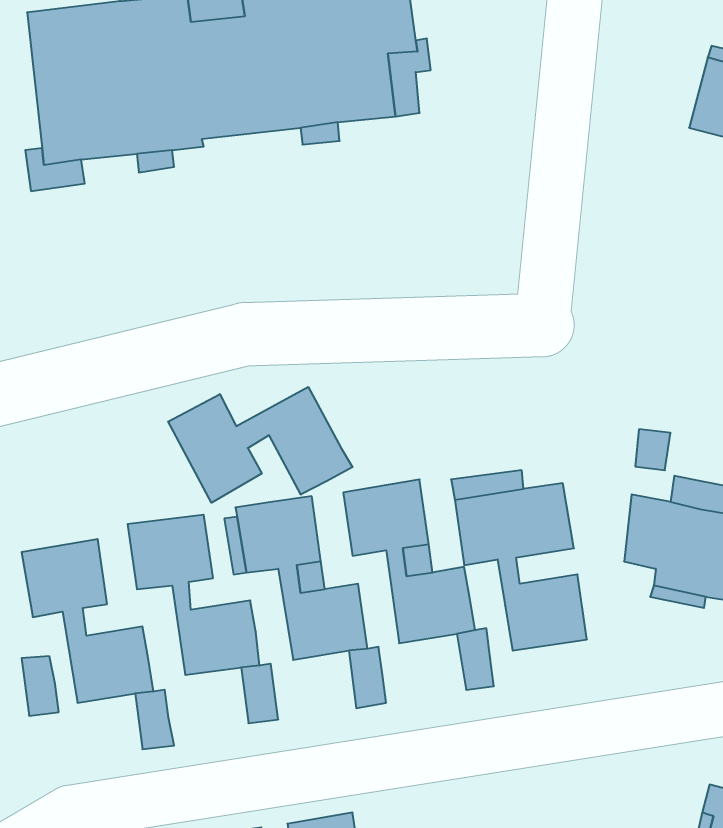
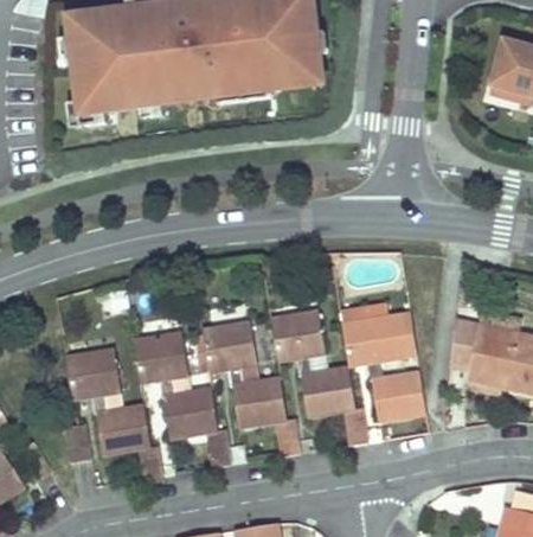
building: [168,387,353,503] -> none

